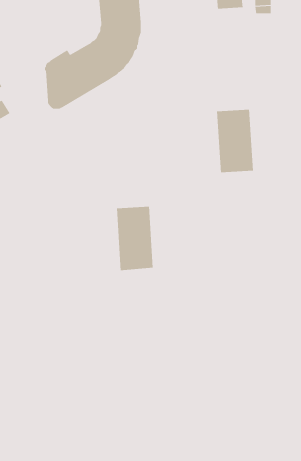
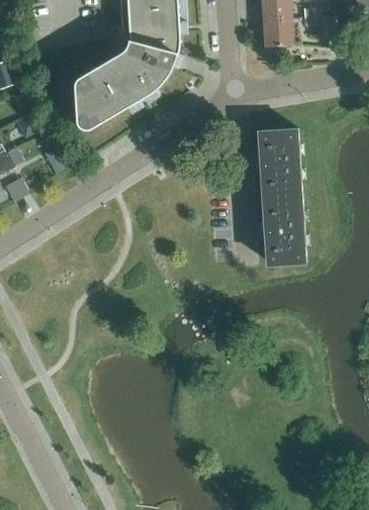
building: none -> [262,18,292,46]
building: [116,206,154,271] -> [265,195,305,265]

